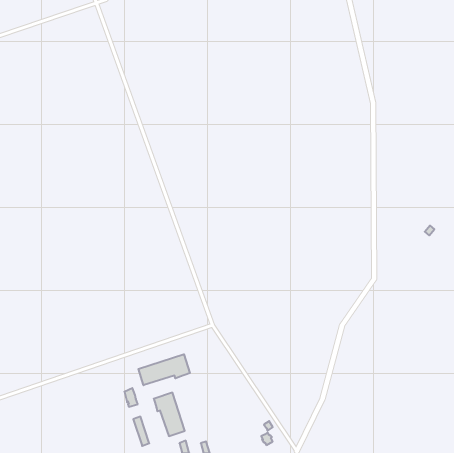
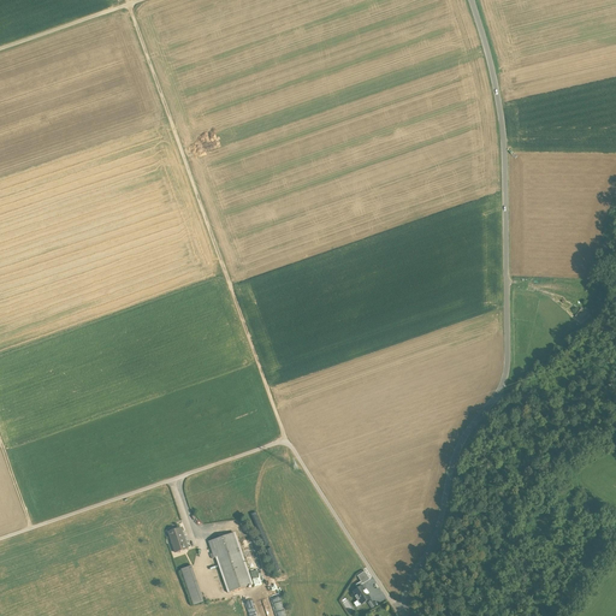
building: [138,354,190,385] -> none

